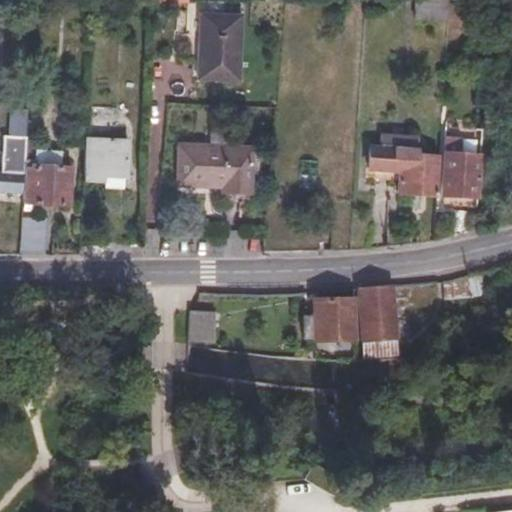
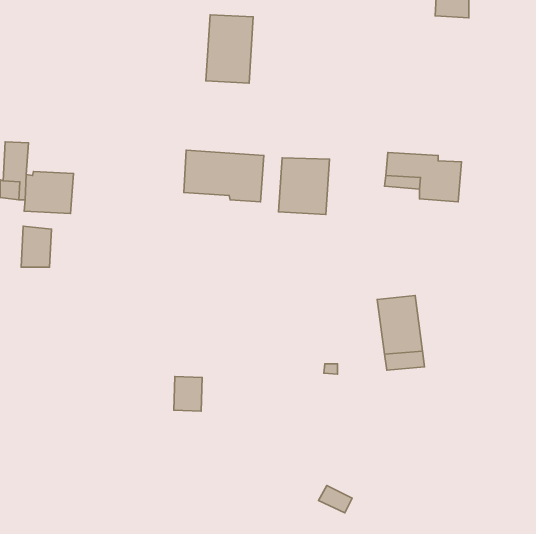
building: [442,150,483,196] -> none
building: none -> [279,158,330,214]
building: [82,151,127,194] -> none
building: [316,294,360,339] -> none
building: [188,306,215,339] -> [174,377,202,411]

